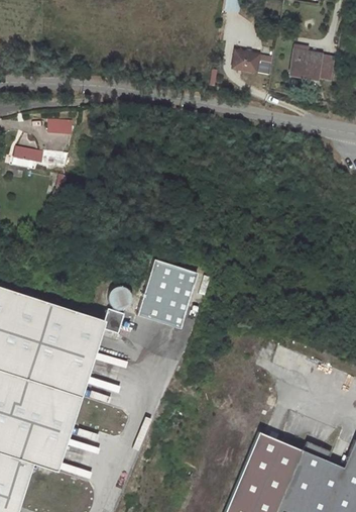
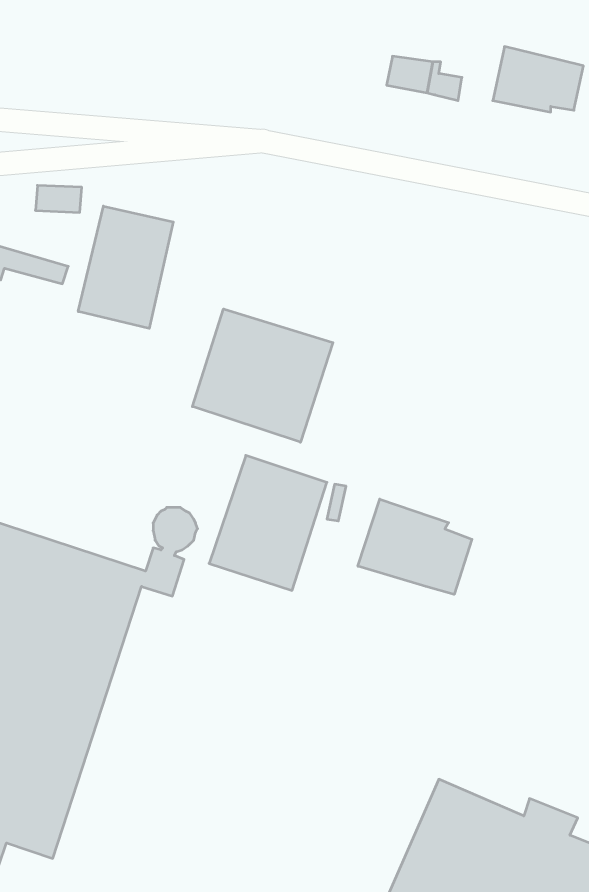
building: none -> [78,206,173,328]
building: none -> [192,309,333,442]
building: none -> [358,499,472,594]

